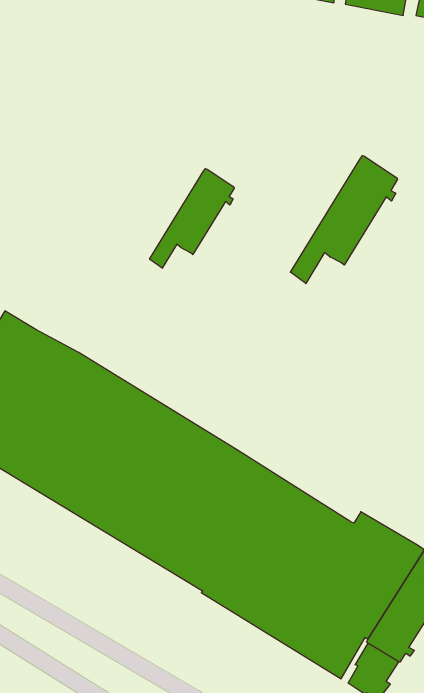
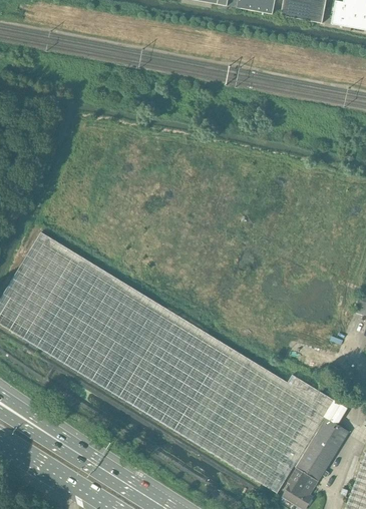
building: [290,156,397,284] -> none
building: [150,169,234,268] -> none

